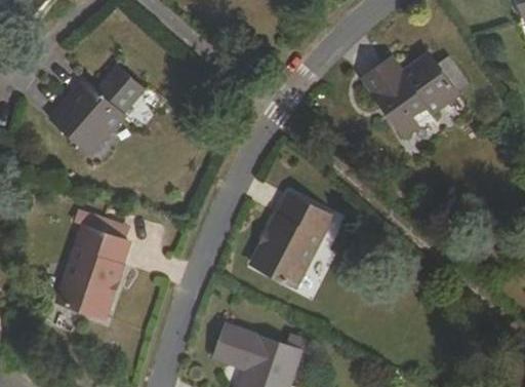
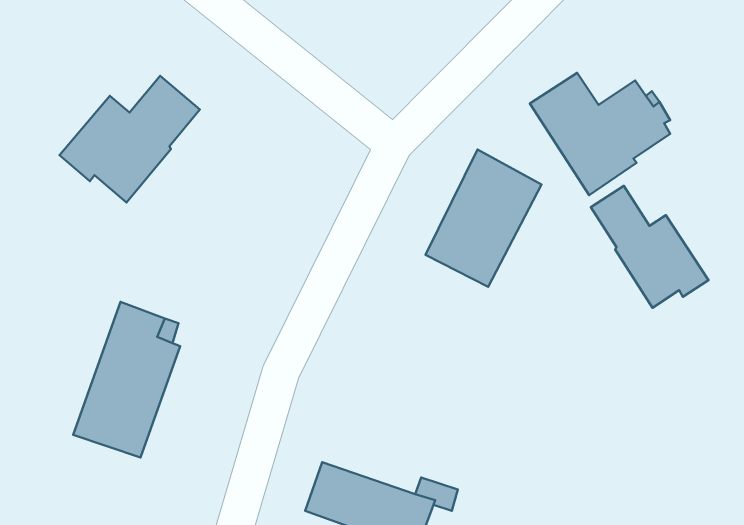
building: none -> [591,186,708,308]
building: [253,192,331,284] -> [426,149,542,287]

